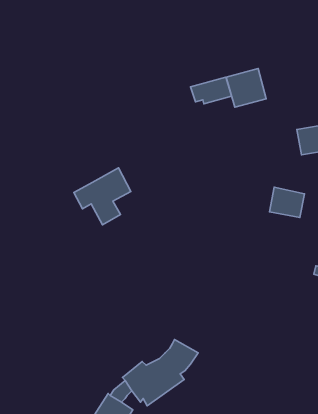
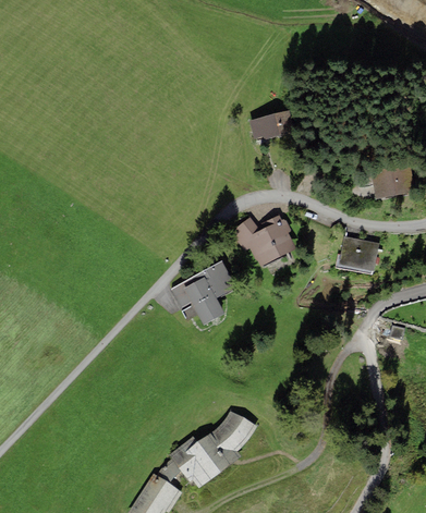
building: [226,68,266,107] -> none
building: [74,168,131,225] -> [171,259,236,325]
building: none -> [230,215,296,266]

